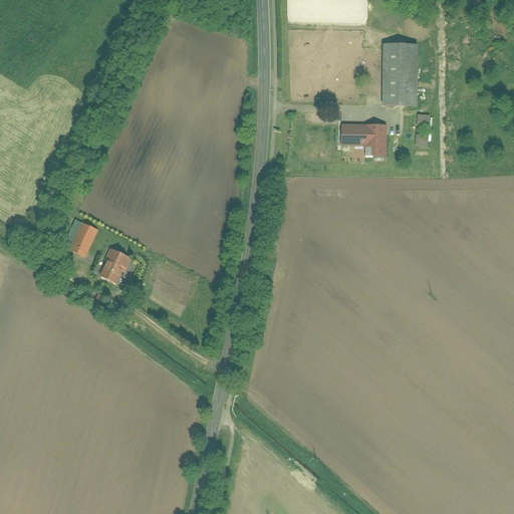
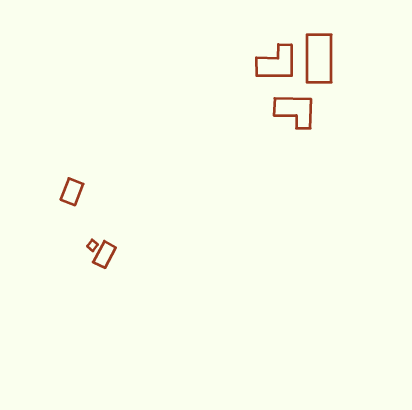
building: none -> [256,44,292,76]
building: [101,249,130,282] -> [93,241,116,268]

